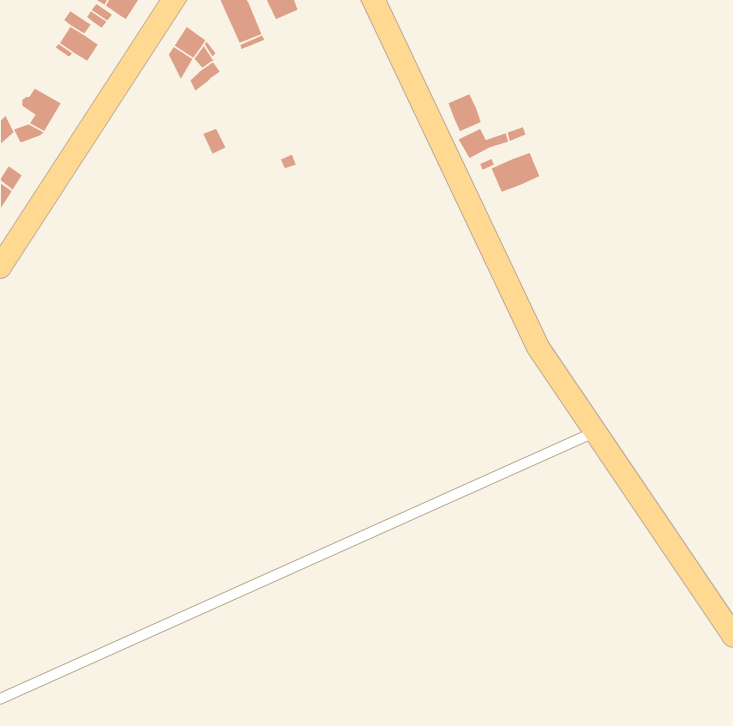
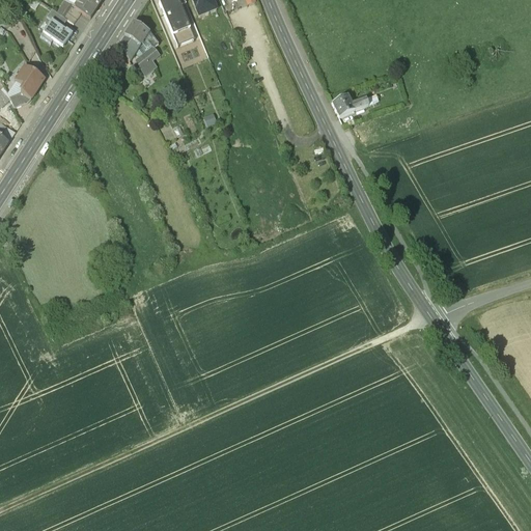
building: [448,93,482,132] -> none
building: [491,152,541,193] -> none

